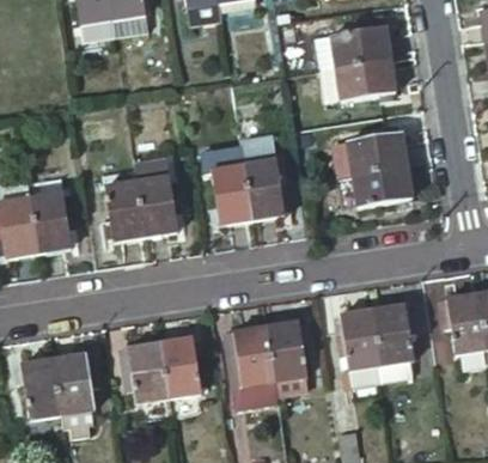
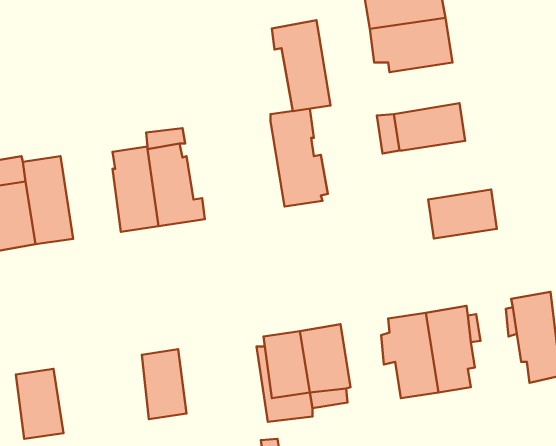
building: [202,146,252,224] -> [272,20,331,111]
building: [353,163,411,205] -> [428,190,497,239]
building: [161,336,202,396] -> none
building: [55,353,96,413] -> none

